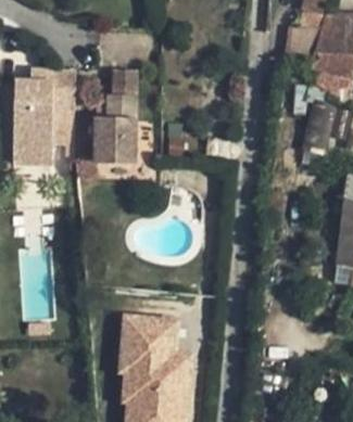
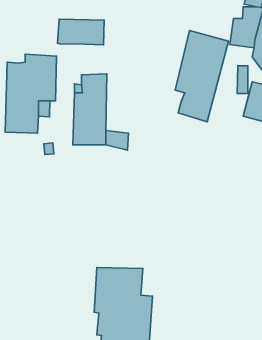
building: none -> [58,19,104,45]
building: none -> [175,30,229,122]

